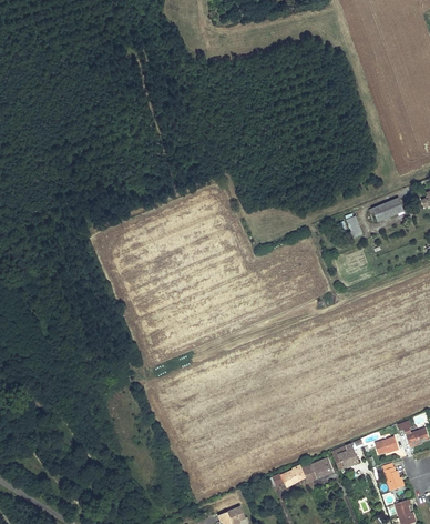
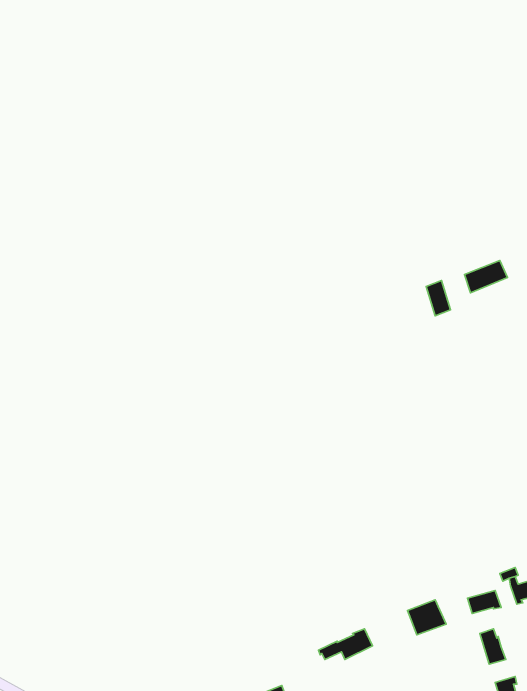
building: [300,457,334,481] -> none

